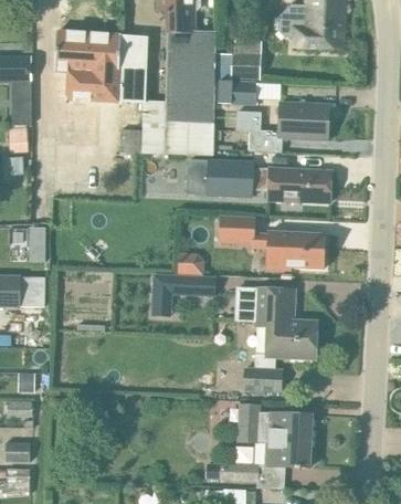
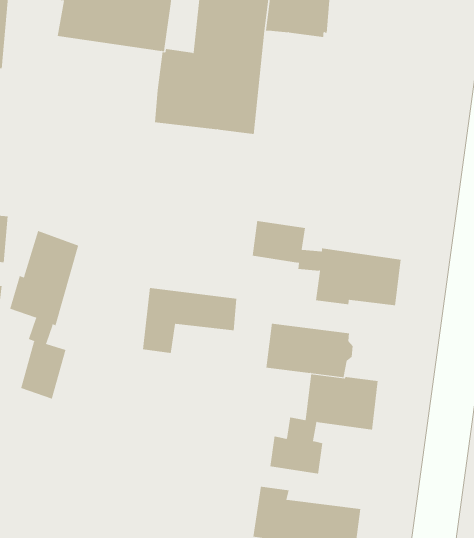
building: [219,81,256,105] -> none
building: [235,101,329,153] -> none
building: [203,159,330,201] -> none
building: none -> [9,230,79,400]

